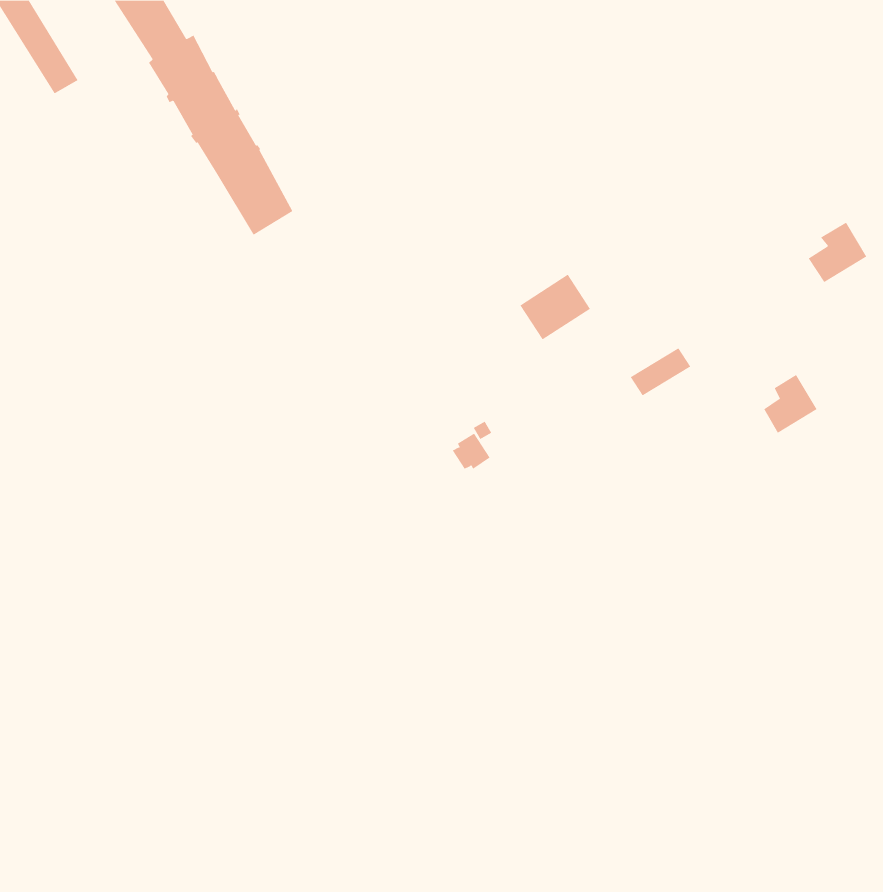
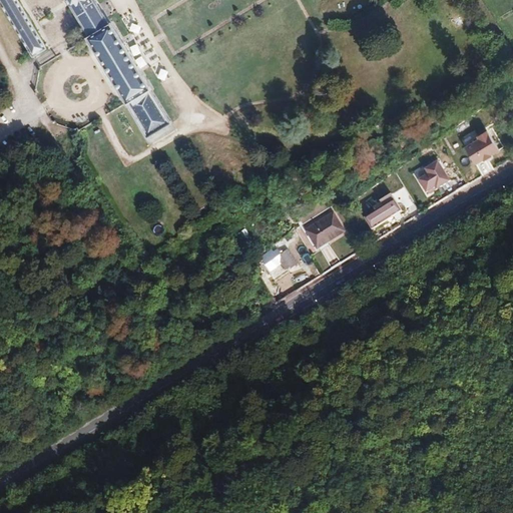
building: [519,274,591,340] -> [301,210,342,248]
building: [763,374,818,433] -> [415,160,446,194]

